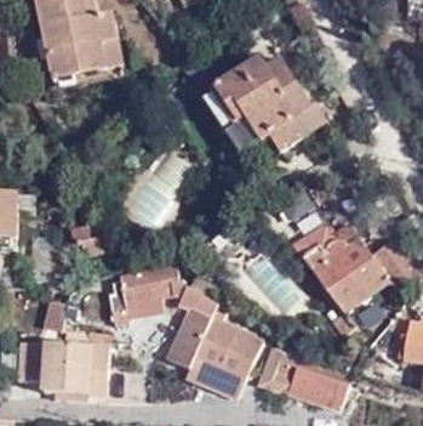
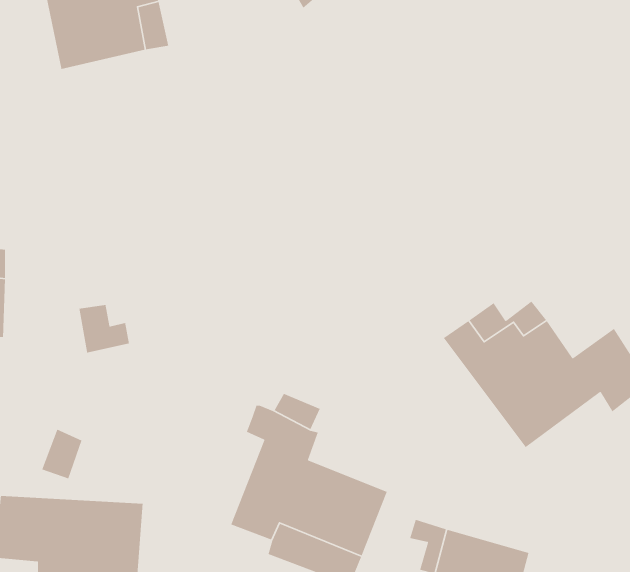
building: [198,56,326,157] -> none
building: [103,259,177,316] -> none

